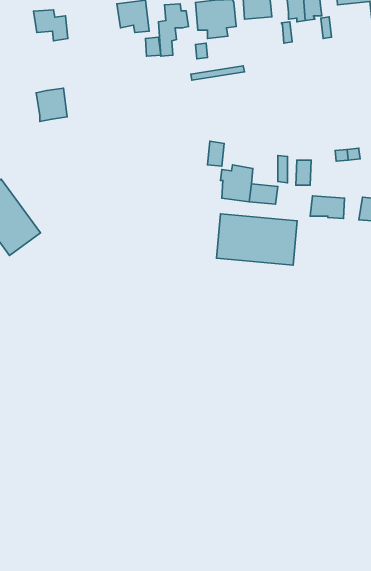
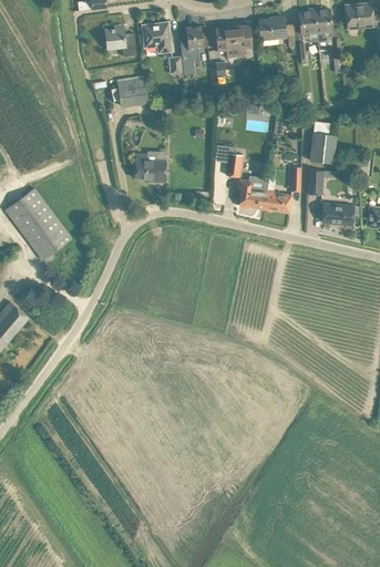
building: [33,10,68,41] -> [104,28,136,56]
building: [36,88,67,122] -> [117,75,146,106]
building: none -> [310,132,337,163]
building: none -> [135,153,165,182]
building: [217,214,297,265] -> none

